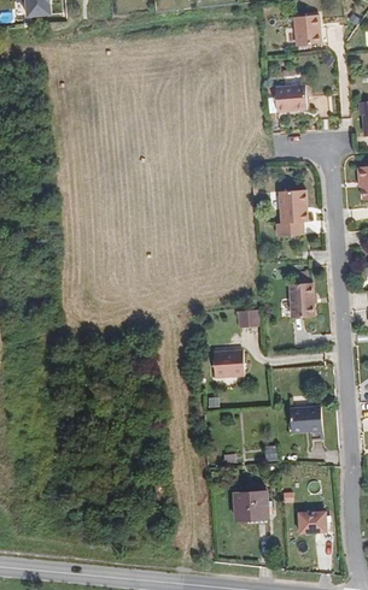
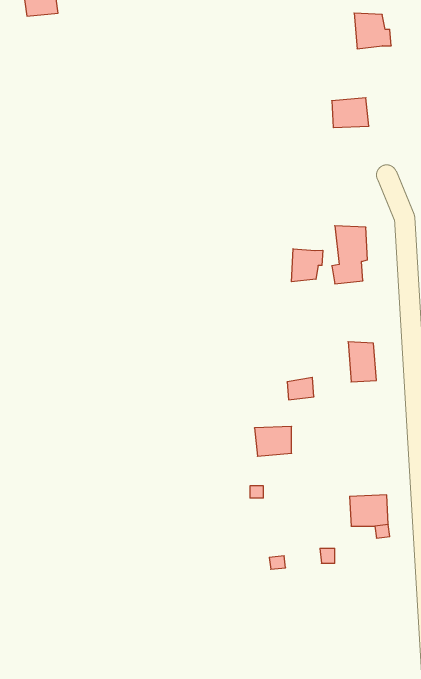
building: none -> [291,249,323,282]
building: [232,491,271,523] -> none
building: [298,512,327,536] -> none

